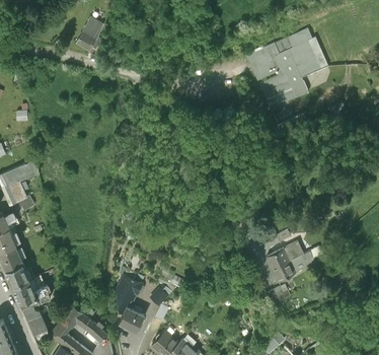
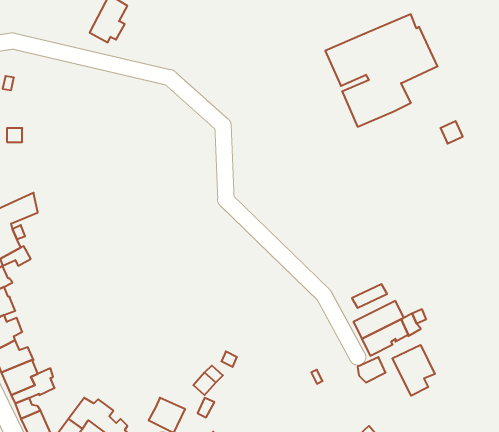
building: none -> [392,345,435,396]
building: [117,270,144,314] -> none

